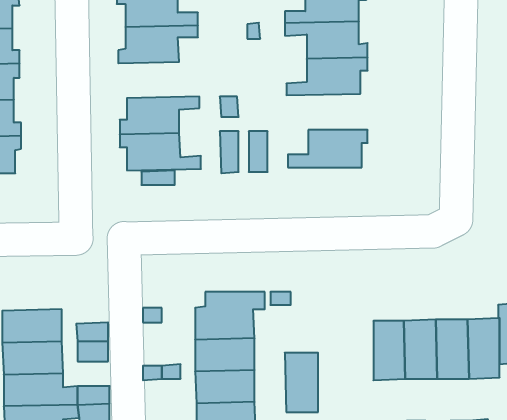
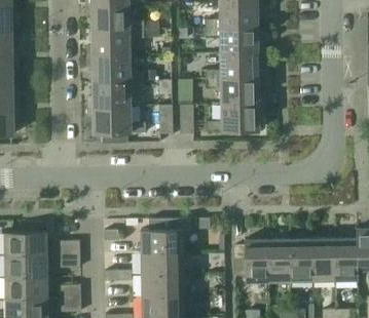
building: none -> [86,55,144,81]
building: none -> [206,78,263,104]
building: [285,353,318,412] -> [244,239,267,281]

